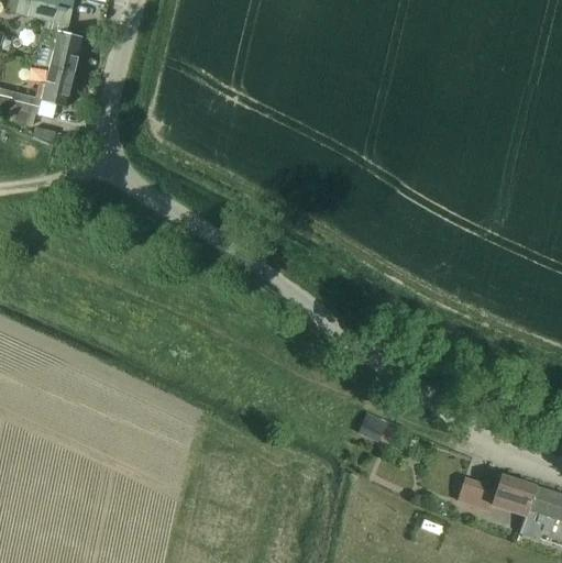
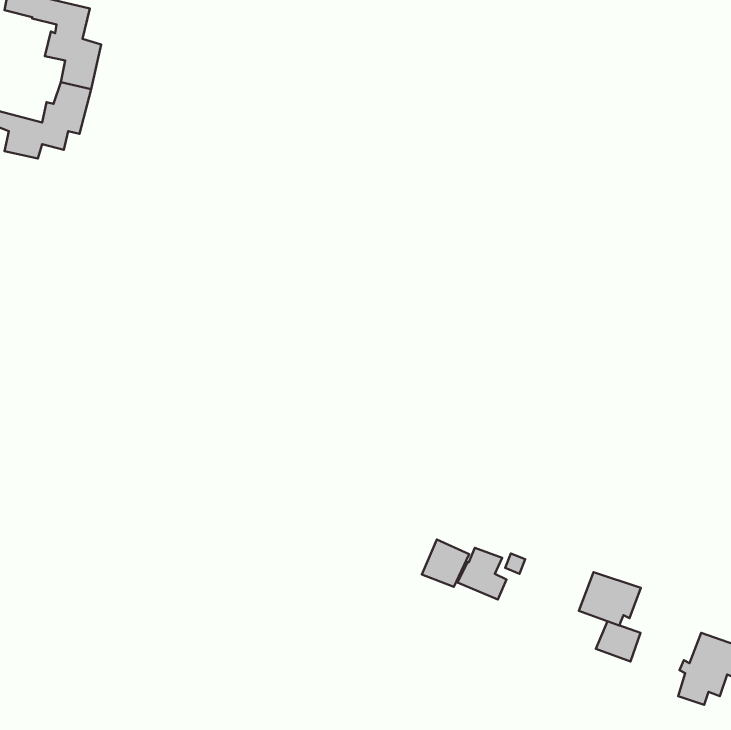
building: none -> [422,540,469,587]
building: [492,473,539,514] -> [579,572,641,625]

